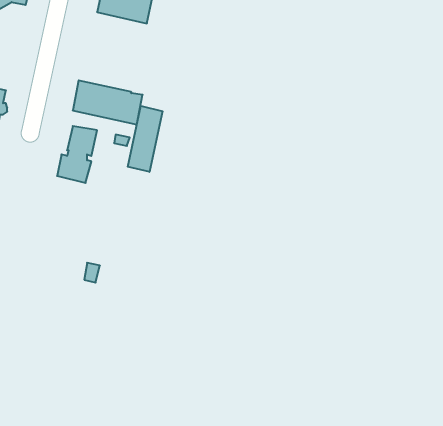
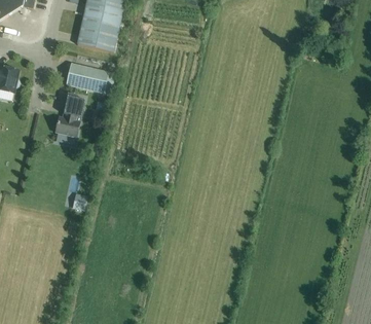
building: none -> [77,13,120,52]
building: [128,106,163,172] -> none

